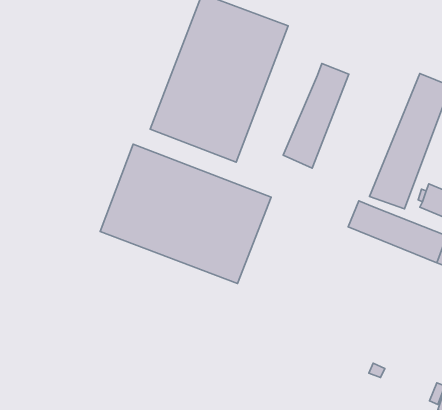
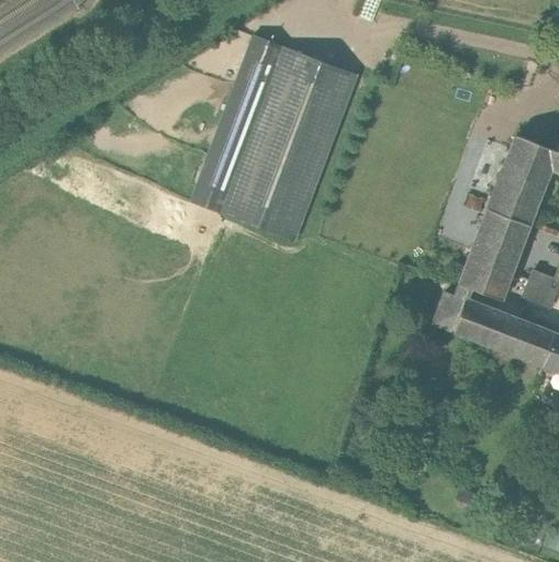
building: [283,63,349,168] -> none
building: [100,144,271,284] -> none

